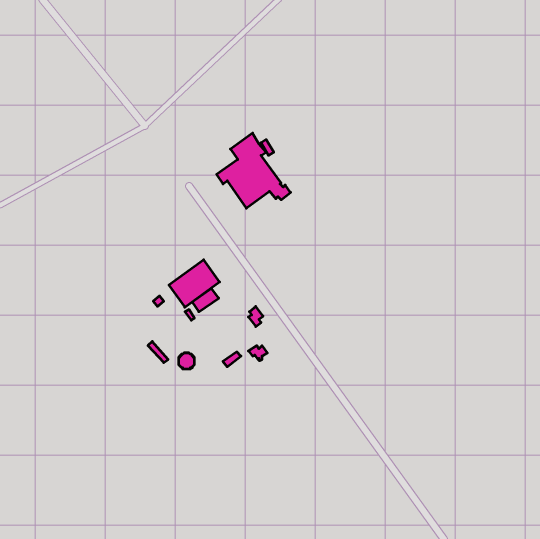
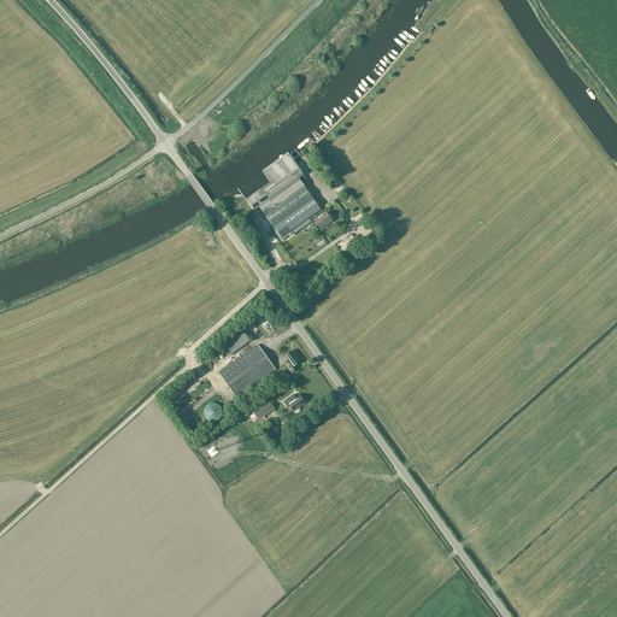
building: [169,260,220,307] -> [218,343,276,398]

